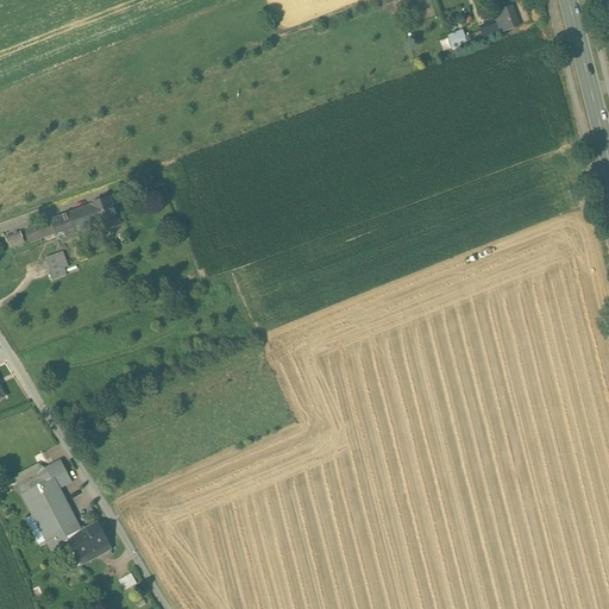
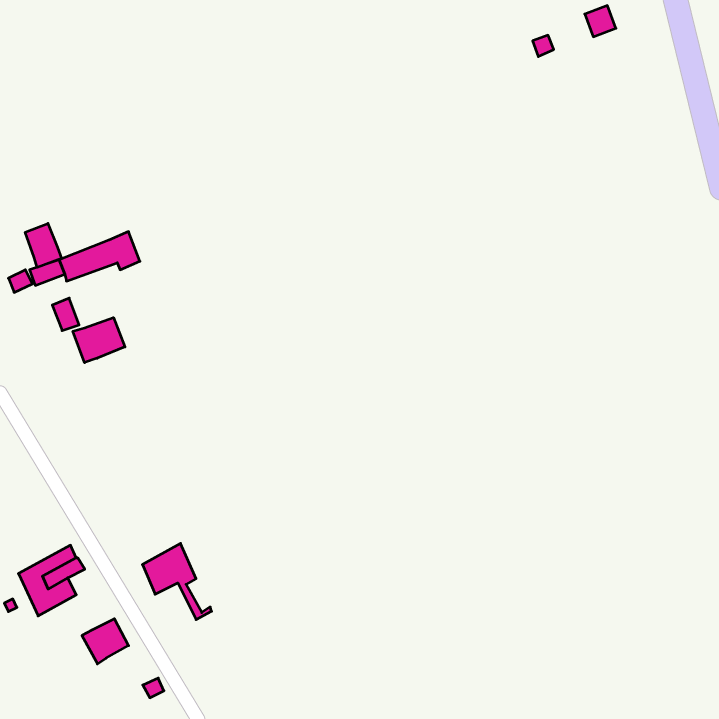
building: none -> [25,223,61,267]
building: none -> [73,318,125,363]
building: [34,501,93,565] -> [142,543,212,620]

